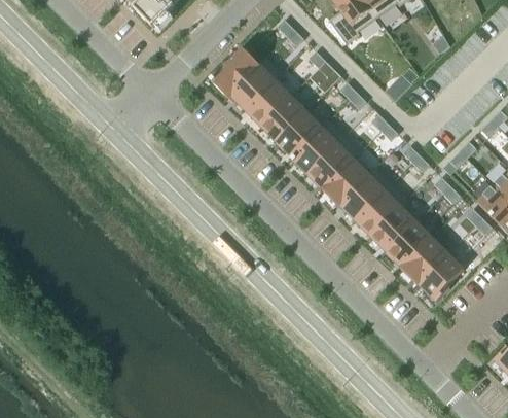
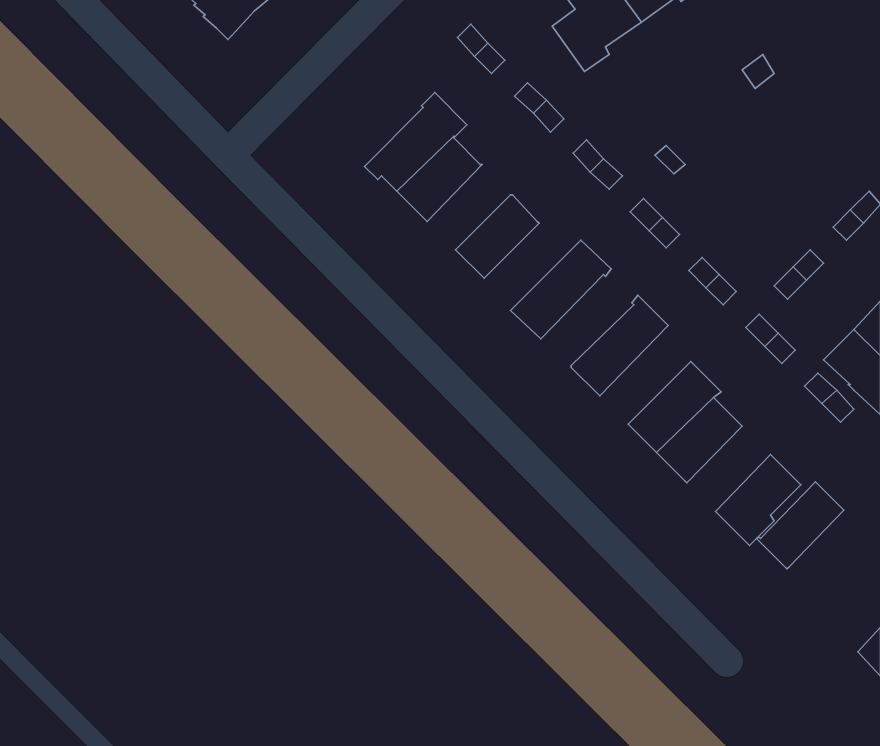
building: [211,48,259,97] -> none
building: [261,92,311,142] -> none
building: [291,119,344,175] -> none
building: [323,155,373,207] -> none
building: [355,183,408,237] -> none
building: [400,238,447,285] -> [757,482,844,569]

